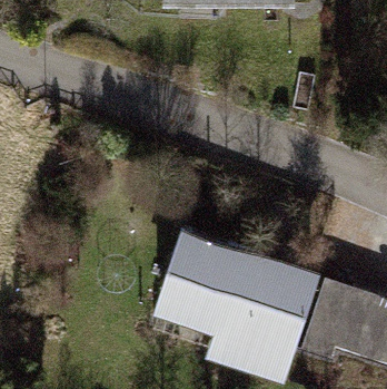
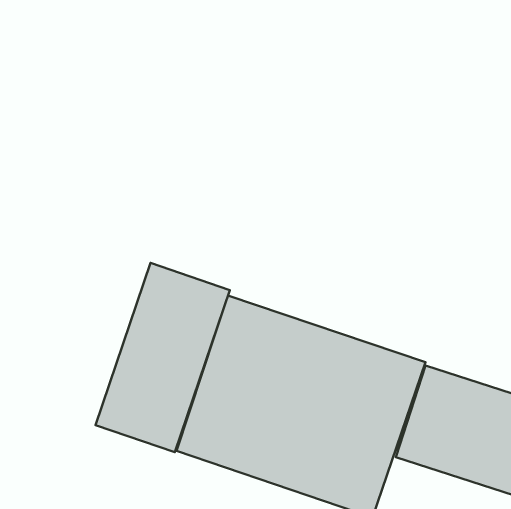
building: none -> [95,263,230,452]

